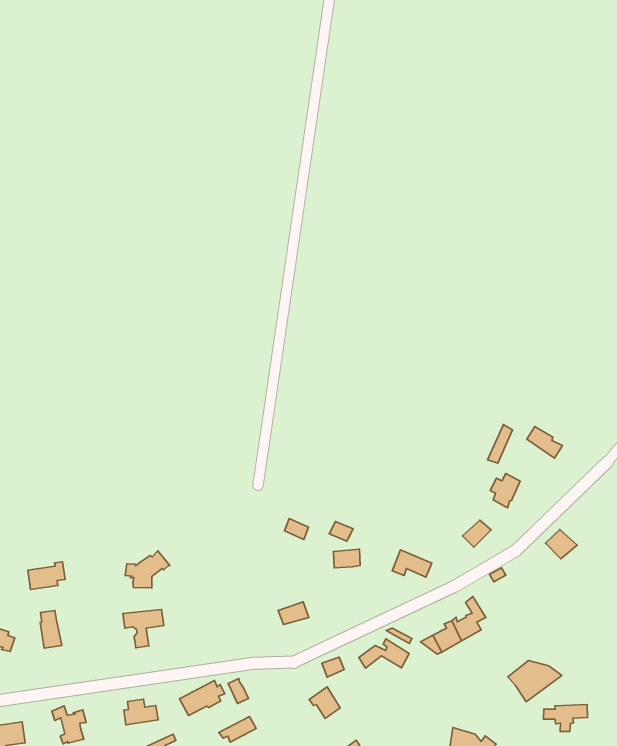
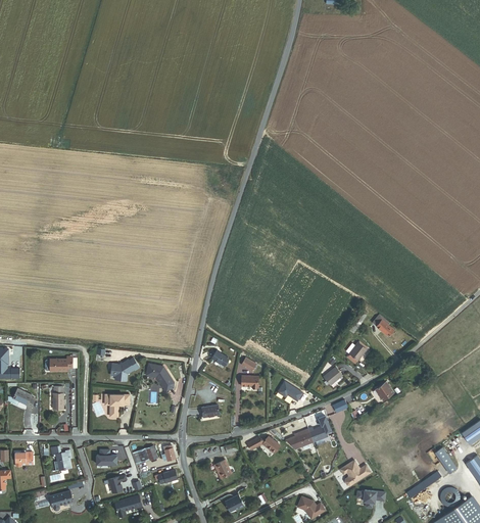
building: none -> [145,363,173,391]

